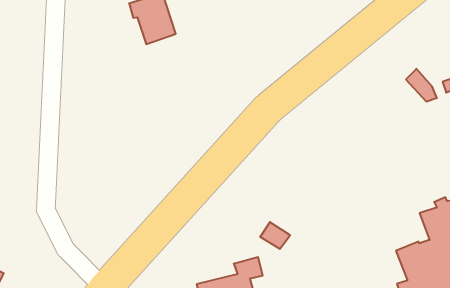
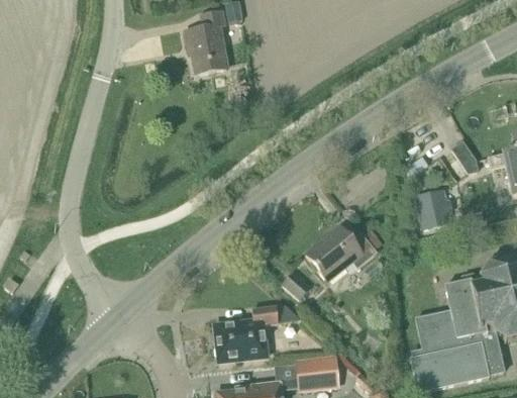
building: none -> [415,189,452,229]
building: none -> [306,225,378,281]

